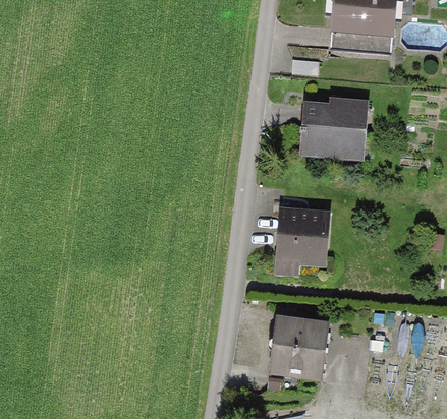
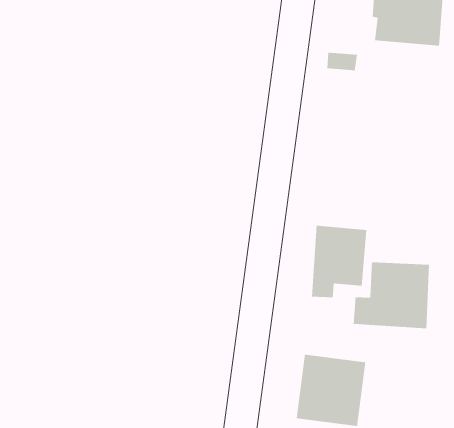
building: [301,100,370,155] -> none
building: none -> [353,262,430,329]

